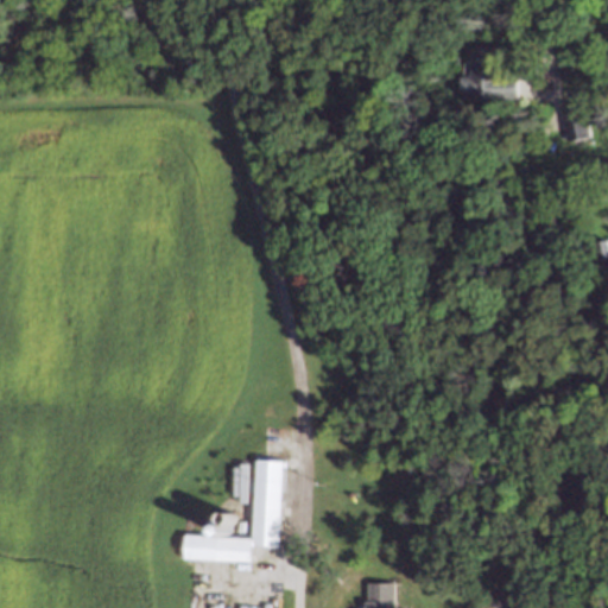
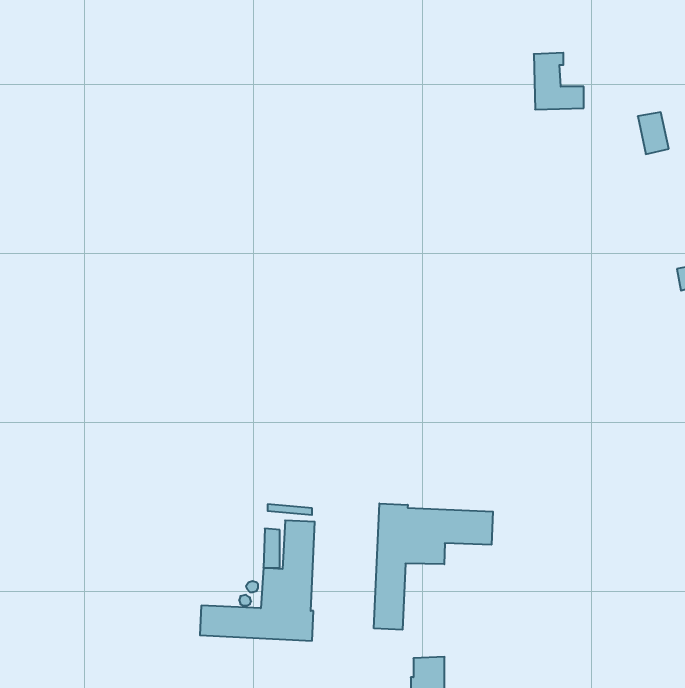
building: none -> [374,503,493,630]

